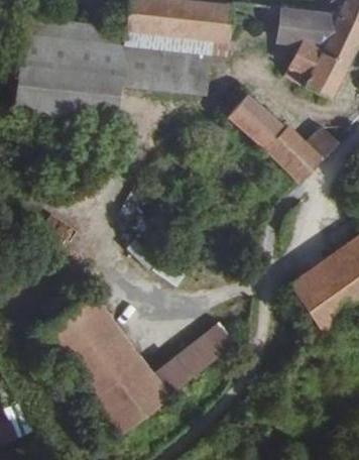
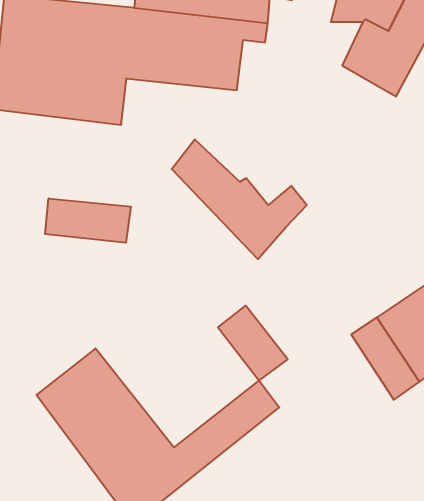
building: [229,94,335,188] -> [172,139,307,259]
building: none -> [45,198,131,243]
building: none -> [218,306,288,381]

